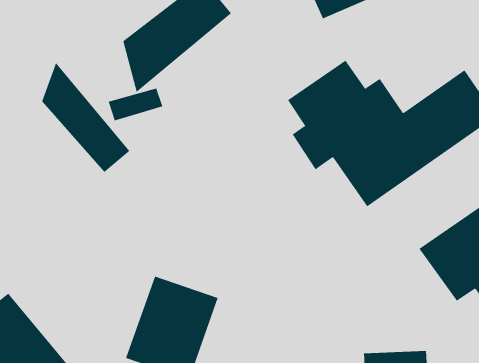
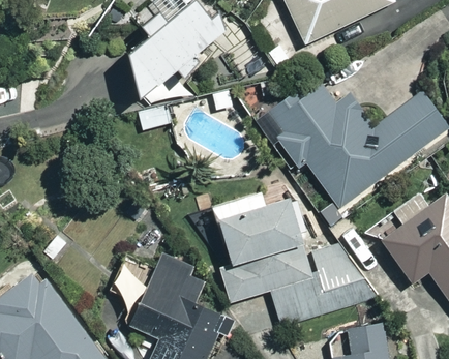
building: [42,62,130,173] -> none
building: none -> [223,202,366,319]

